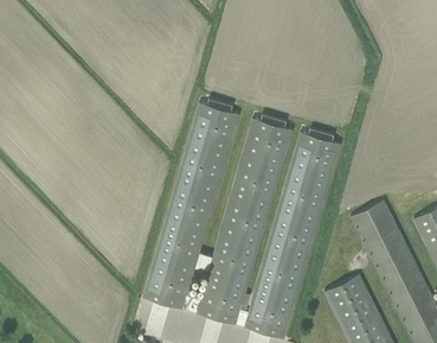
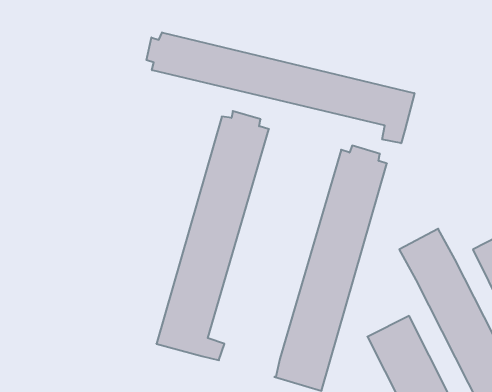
building: none -> [146,32,414,143]
building: [194,114,293,326] -> none

